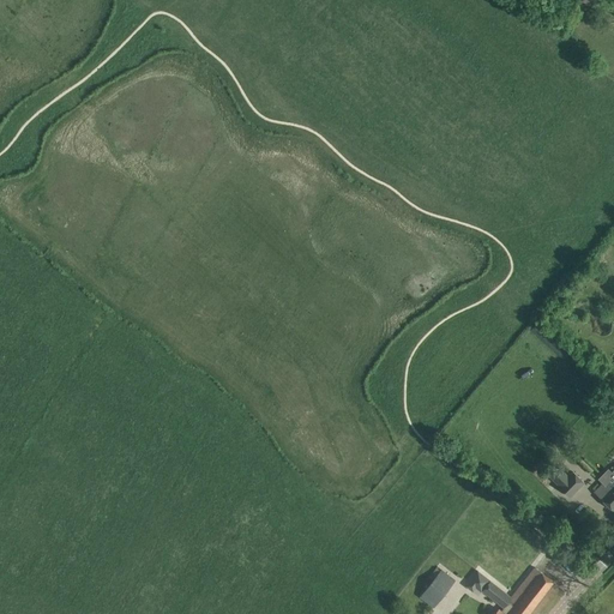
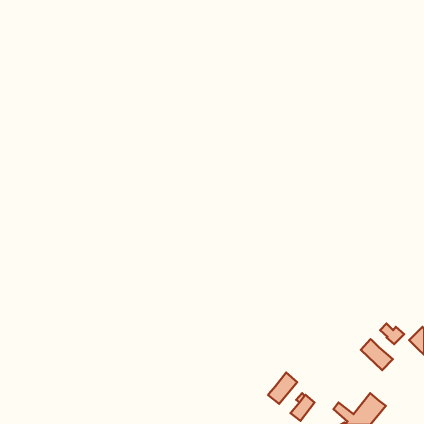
building: none -> [361,339,393,370]
building: none -> [268,373,297,404]

